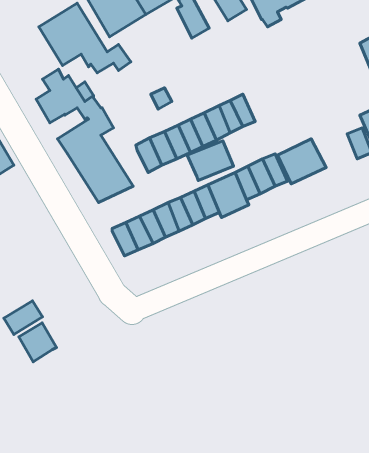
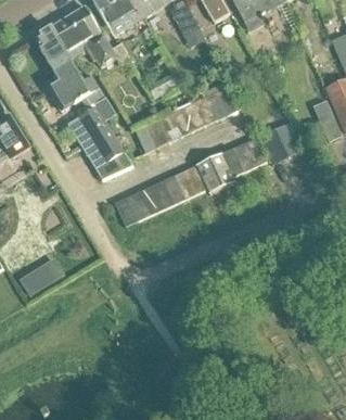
building: none -> [33,26,76,72]
building: [187,141,234,181] -> none
building: [19,323,56,362] -> none

